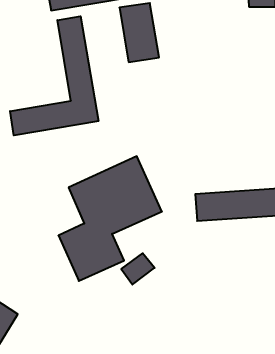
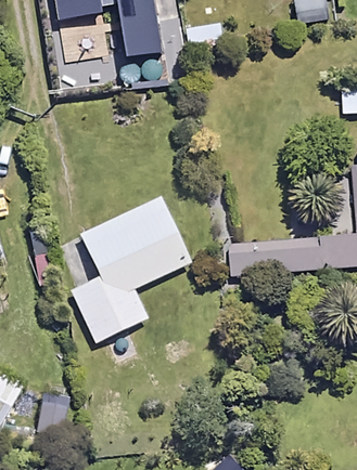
building: [10,16,98,135] -> none

